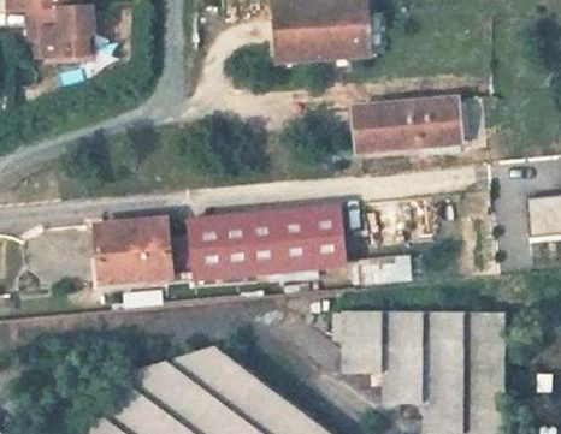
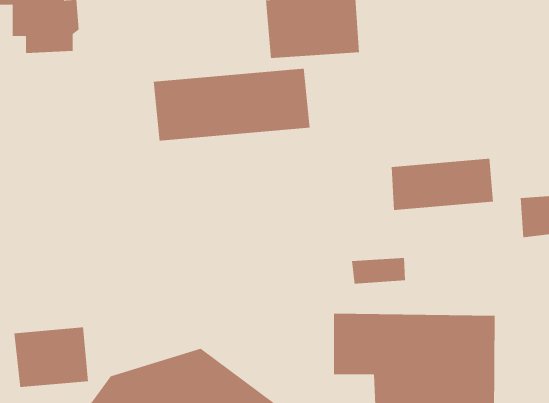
building: [356,99,459,150] -> [391,158,494,210]
building: [189,208,346,280] -> [153,68,310,141]
building: [96,220,171,280] -> [14,327,89,388]

